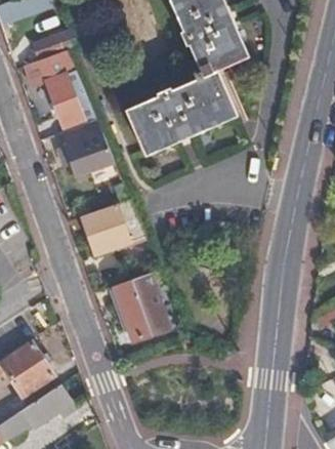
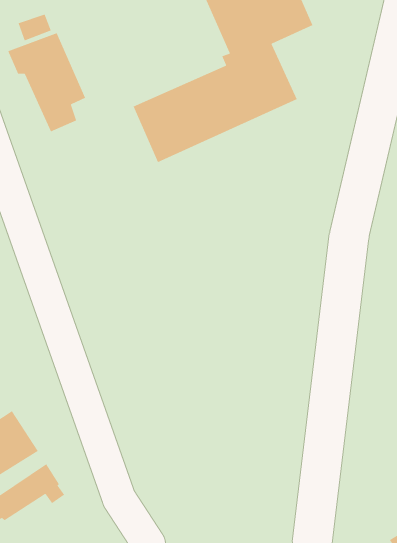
building: [55,119,115,177] -> none
building: [83,200,143,254] -> none
building: [111,270,167,343] -> none

